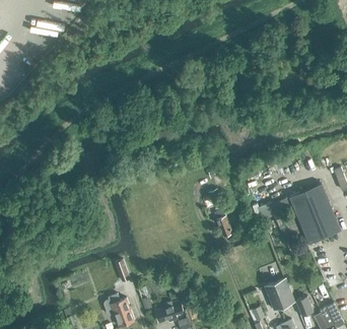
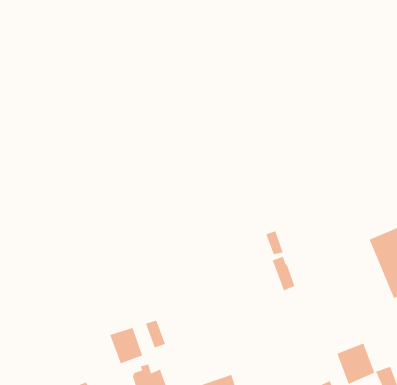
building: none -> [110,327,143,364]

